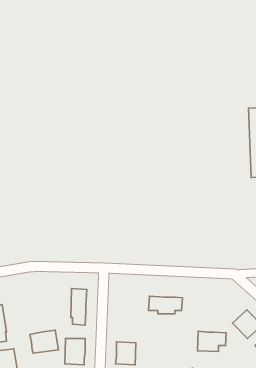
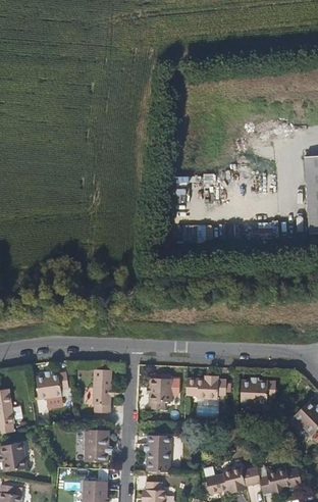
building: none -> [149,378,172,409]
building: [30,330,59,353] -> [35,374,69,402]
building: [197,331,226,352] -> [241,381,275,405]

